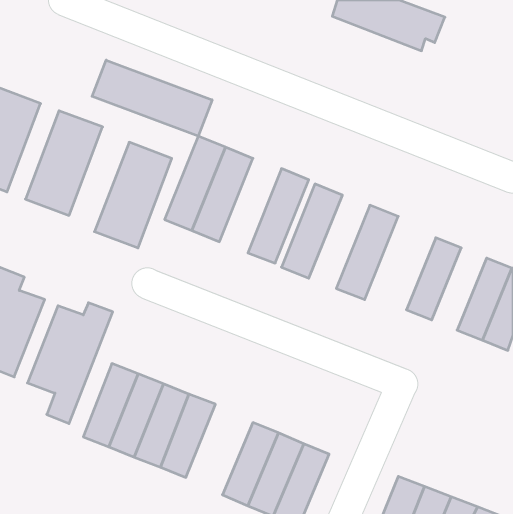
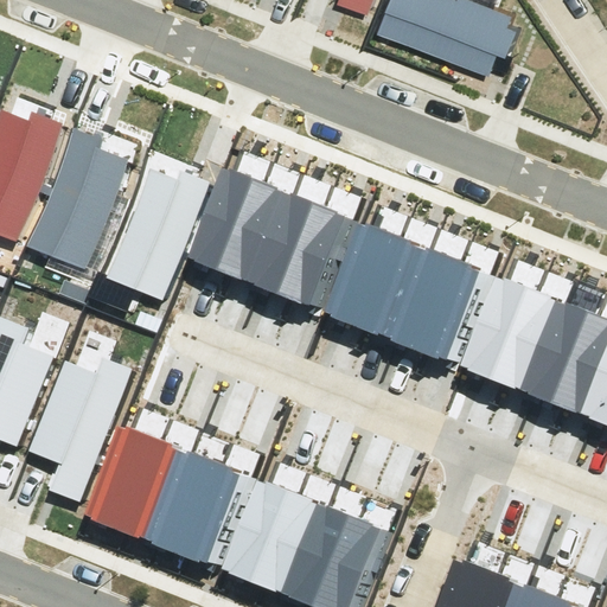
building: [92,60,212,136] -> none
building: none -> [256,191,328,301]
building: none -> [360,234,432,343]
building: none -> [426,258,497,369]
building: none -> [504,295,568,391]
building: none -> [230,486,295,583]

